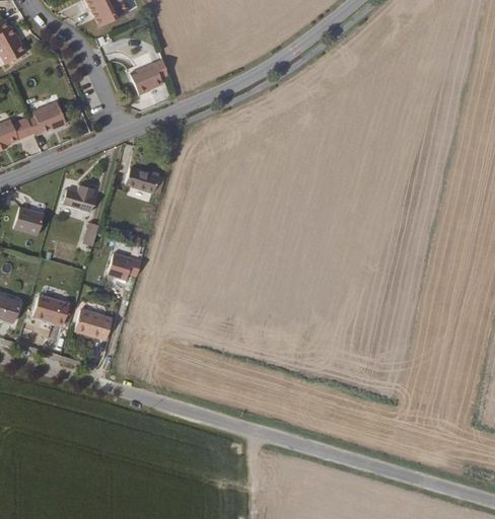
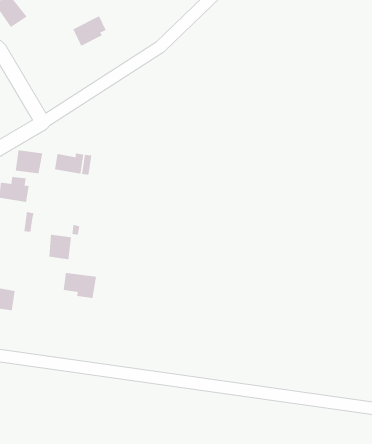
building: [130,58,165,87] -> [72,15,107,46]
building: none -> [15,149,43,174]
building: [76,309,114,341] -> [63,272,97,299]

